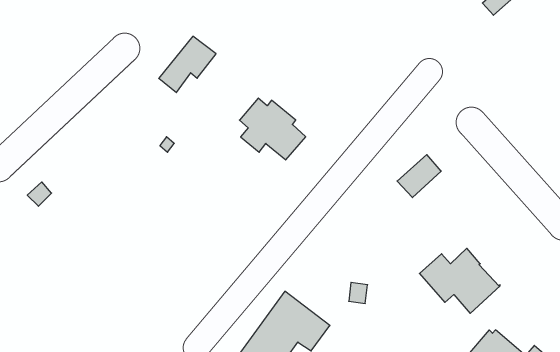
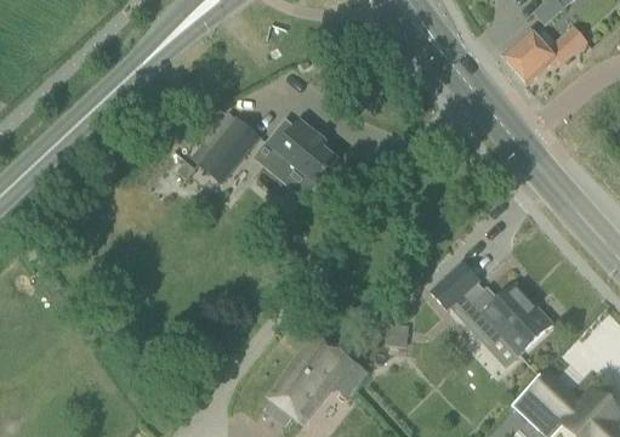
building: none -> [502,28,587,85]
building: [159,36,216,93] -> [199,118,262,180]
building: [397,155,441,198] -> [431,263,479,311]

